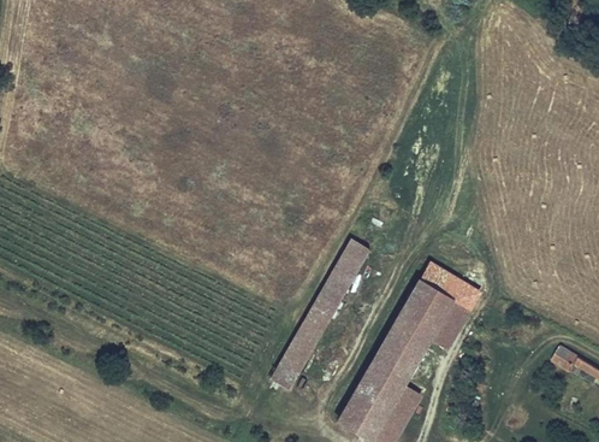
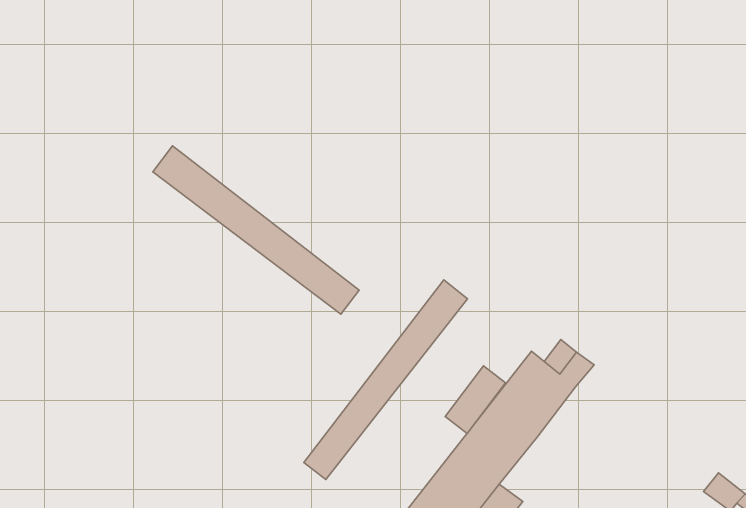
building: none -> [153,146,359,314]
building: [429,301,468,349] -> [445,366,505,433]

